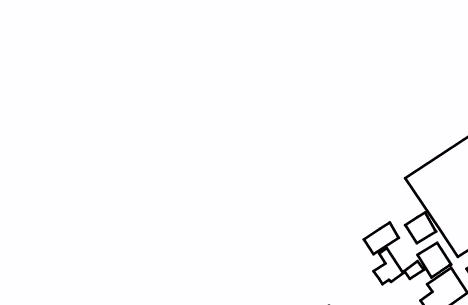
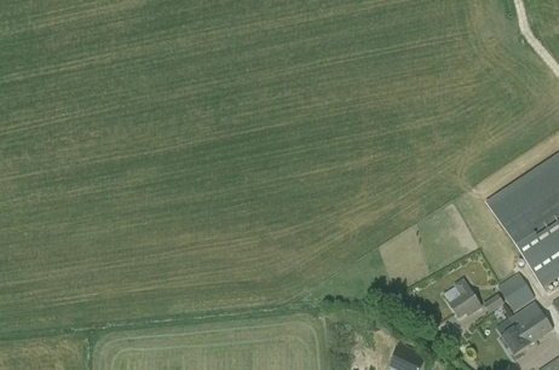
building: [405,213,436,243] -> none
building: [364,222,399,254] -> none

